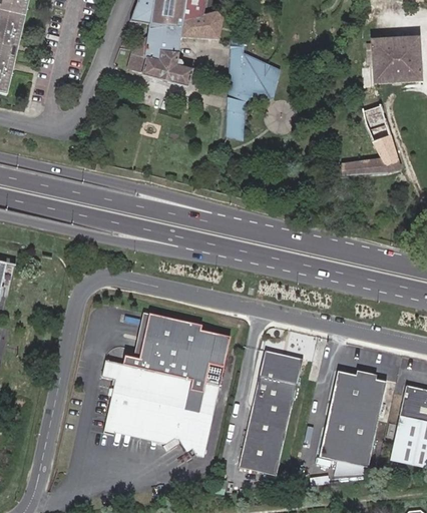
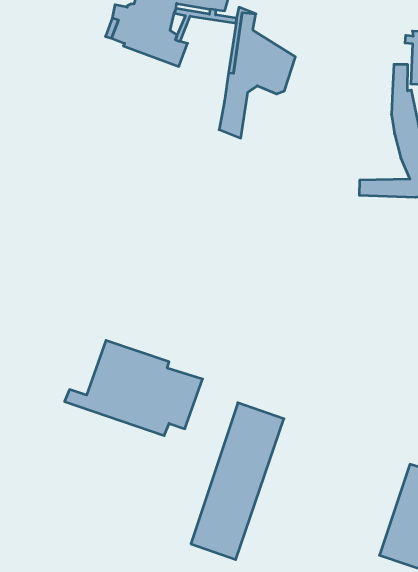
building: [103,360,223,457] -> none
building: [318,371,384,466] -> none

